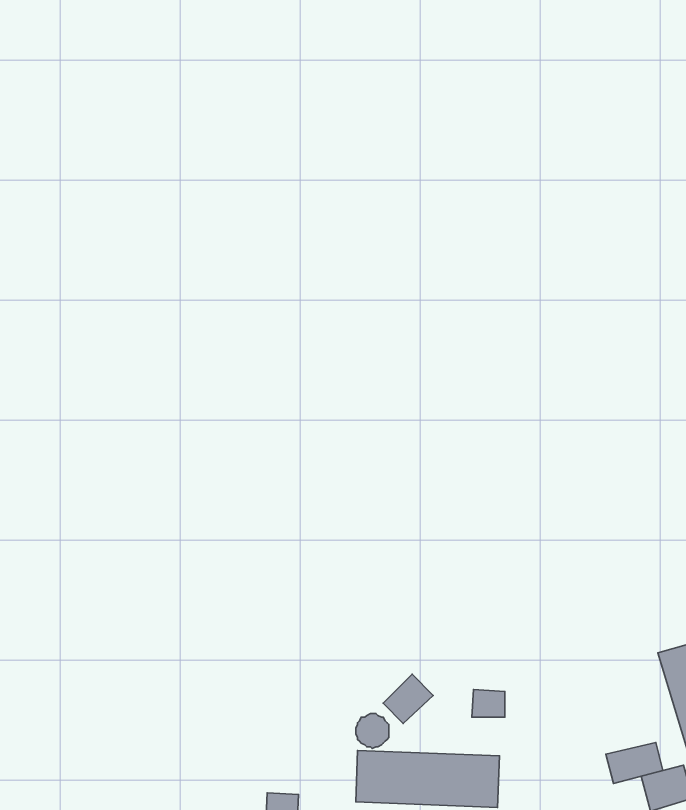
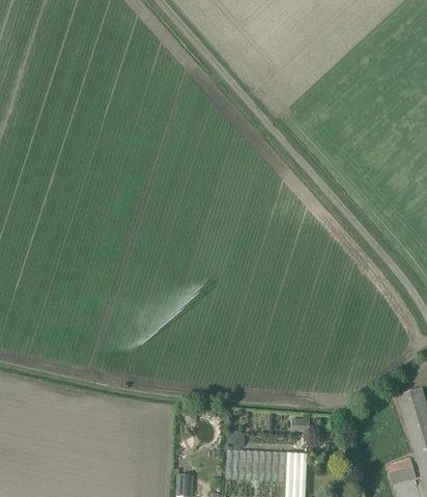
building: [383,674,433,724] -> none
building: [606,743,663,784] -> none

